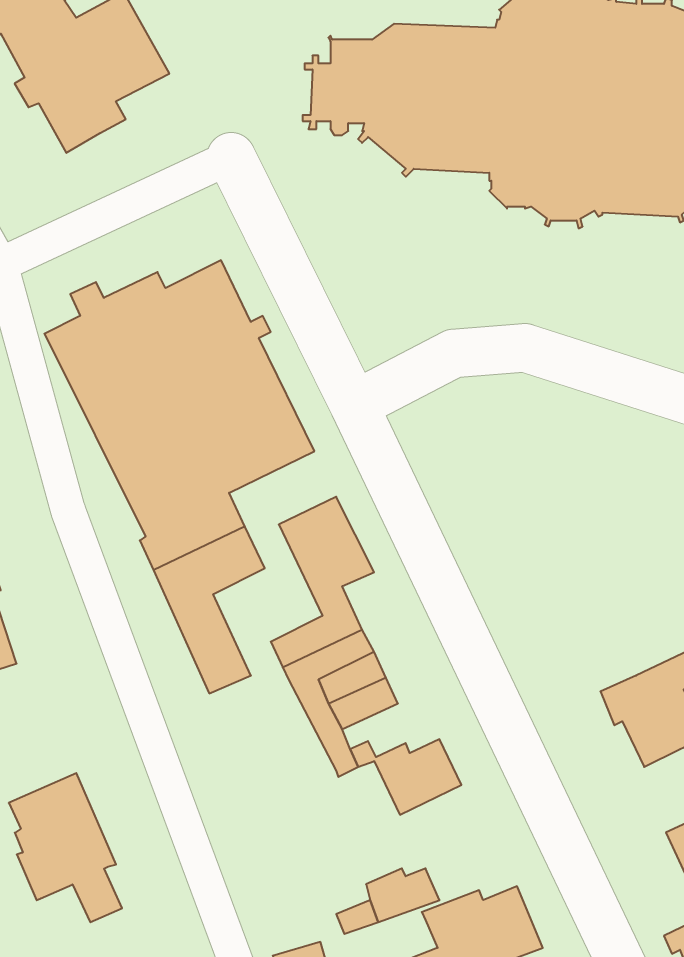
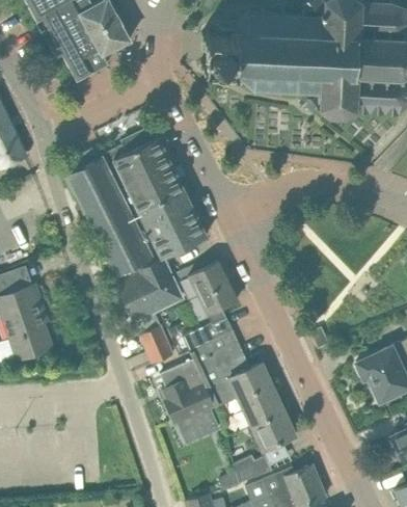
building: none -> [221,364,272,398]
building: [9,773,122,922] -> [159,359,218,437]
building: none -> [251,412,296,452]

